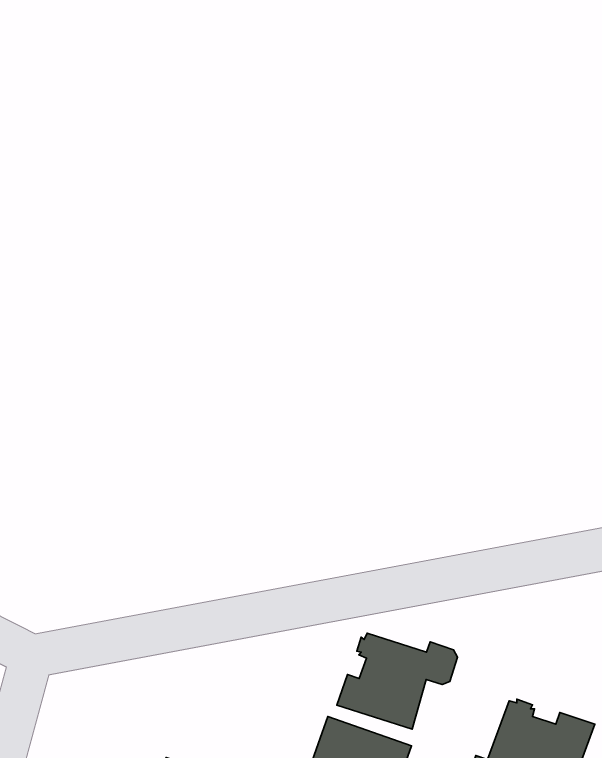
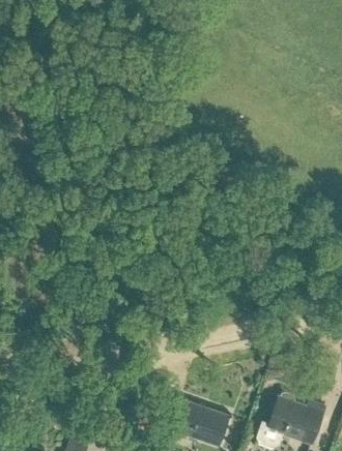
building: [337,633,458,729] -> none

